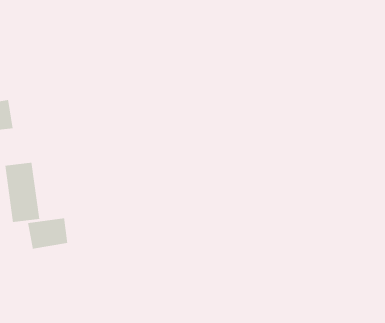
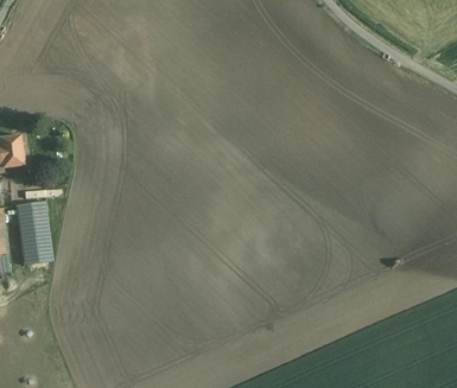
building: [27,217,68,249] -> none

